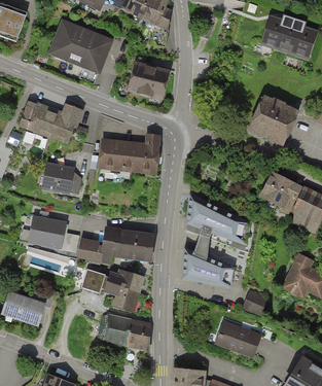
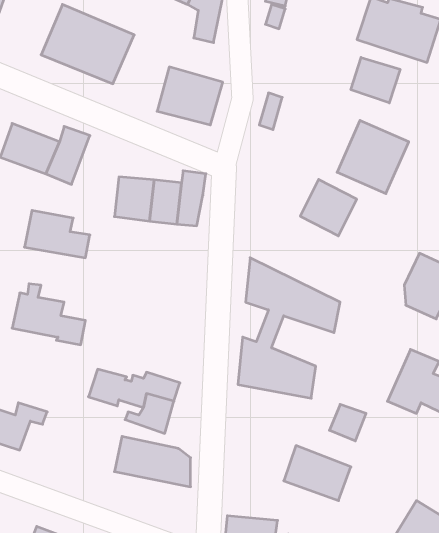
building: none -> [351,57,400,103]
building: [262,173,300,211] -> [300,179,357,236]
building: [77,227,153,261] -> none

